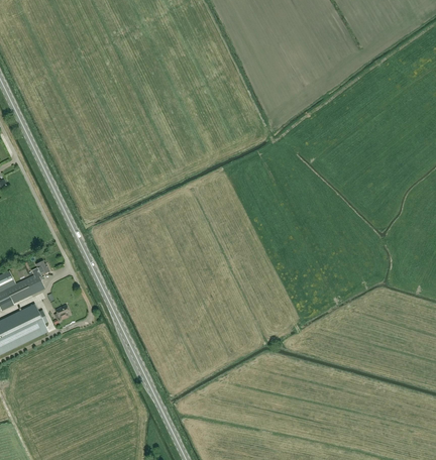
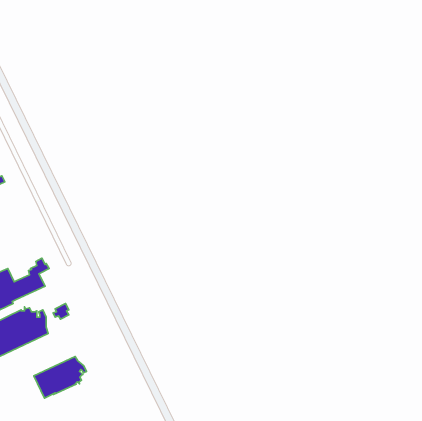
building: none -> [34,357,87,398]

